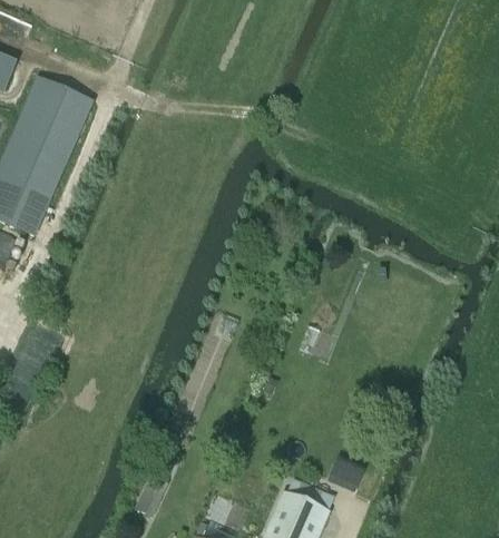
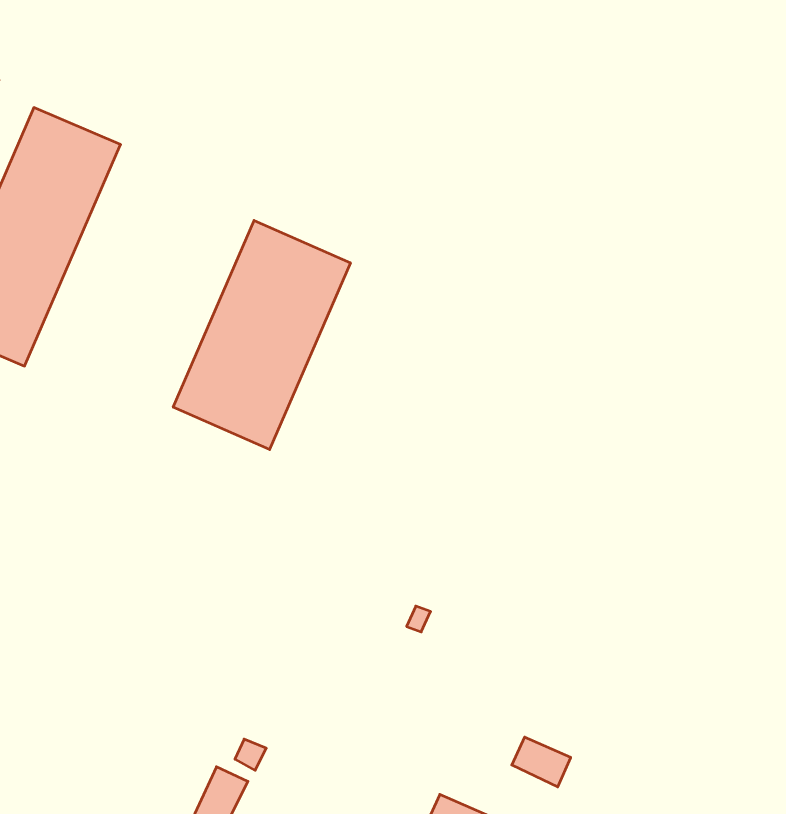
building: none -> [173,220,350,450]

